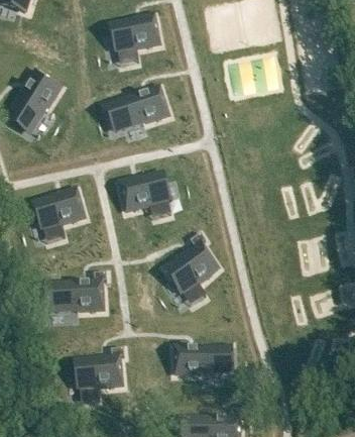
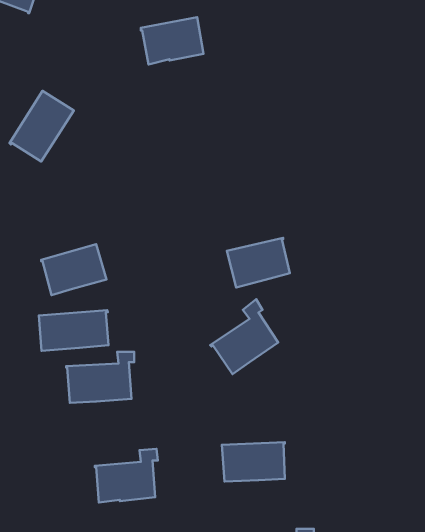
building: [115,91,169,132] -> none
building: [120,176,168,214] -> [227,238,290,288]
building: none -> [39,310,109,351]

